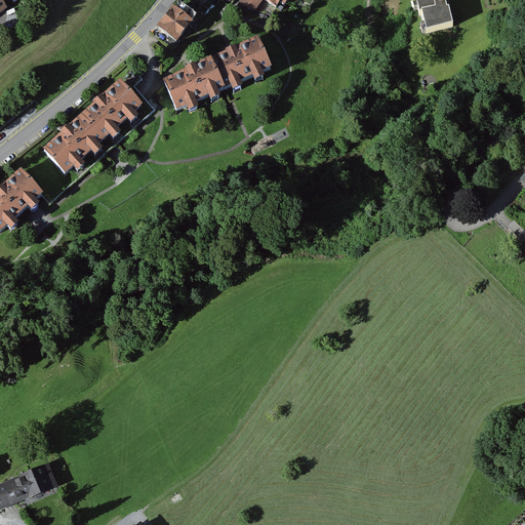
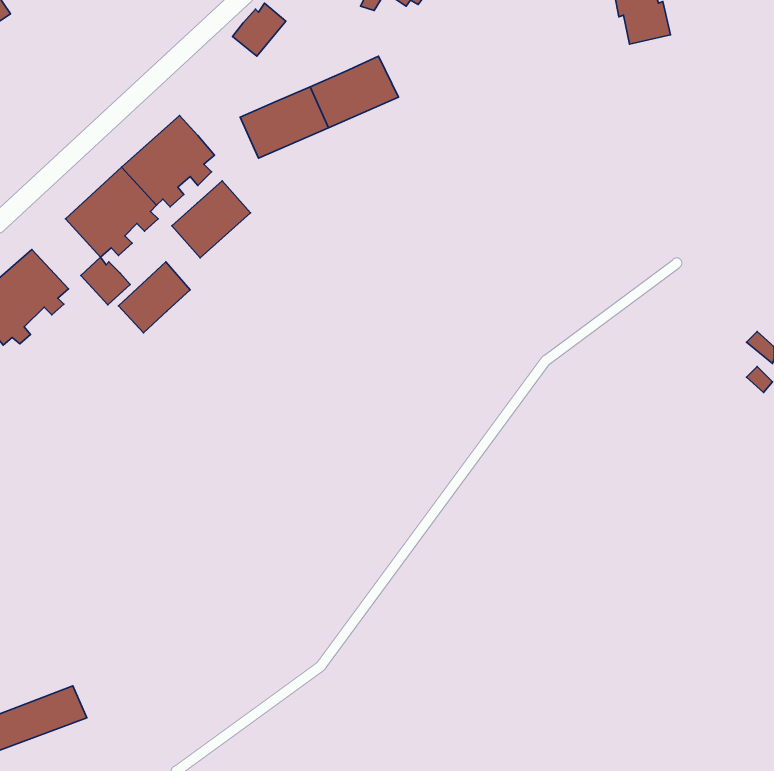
building: none -> [172,181,251,258]
building: none -> [81,257,130,305]
building: none -> [119,262,190,333]

